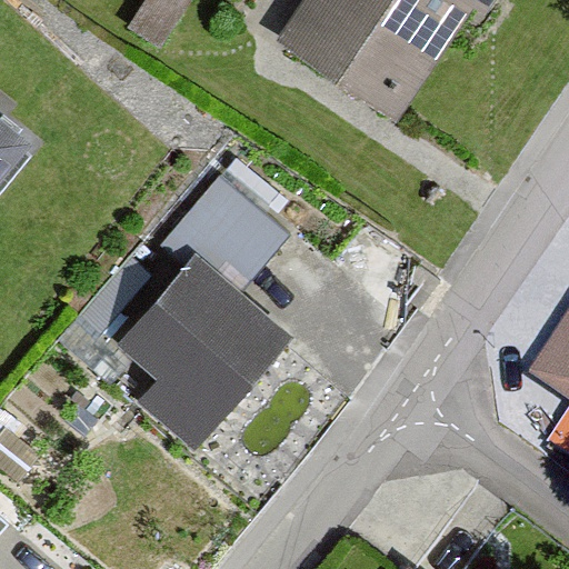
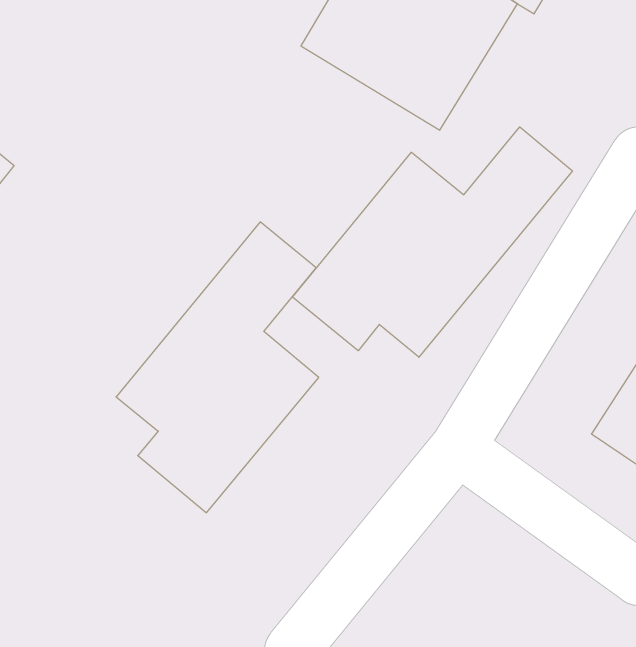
building: none -> [293,127,572,357]

